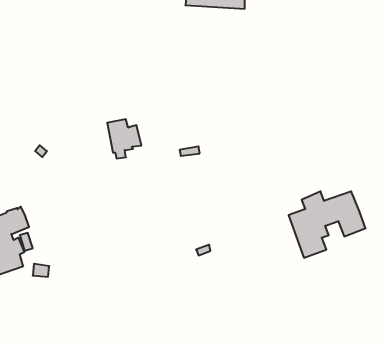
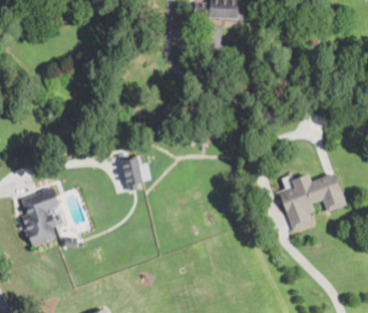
building: [107,119,141,158] -> [122,156,151,190]

